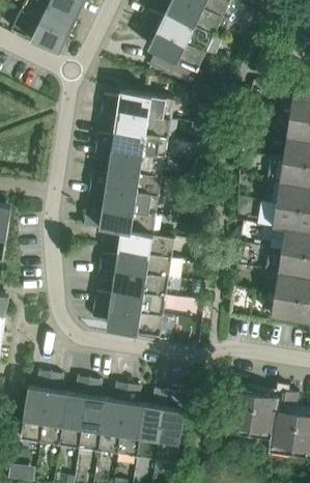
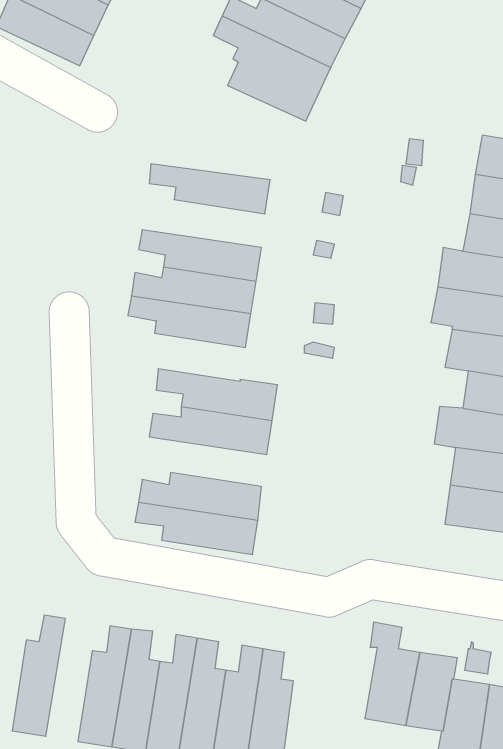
building: [102,90,174,118] -> none
building: [96,130,168,158] -> none
building: [84,207,157,235] -> none
building: [98,267,169,296] -> none
building: [40,373,67,445] -> none

